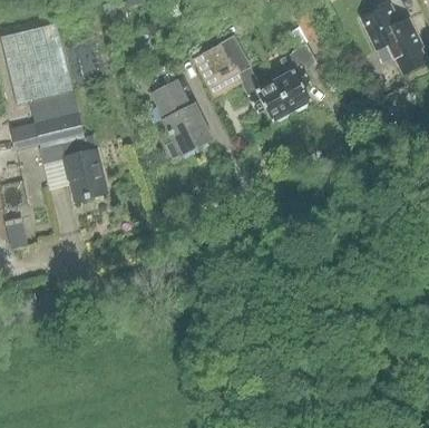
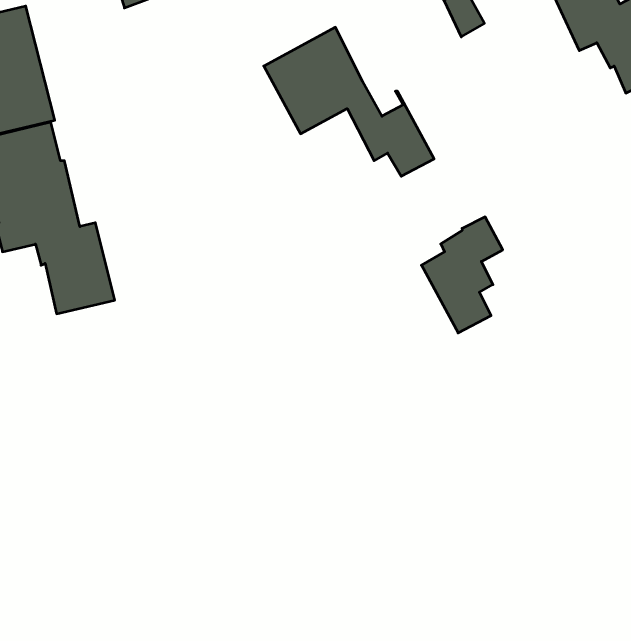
building: [271,45,318,111] -> [421,217,503,333]
building: [143,64,212,159] -> none

